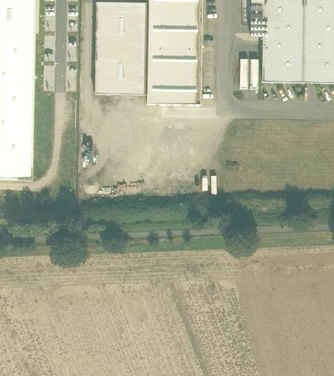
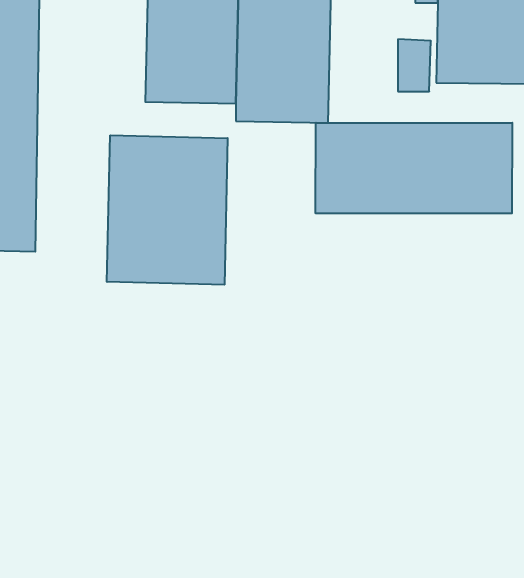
building: none -> [316,123,512,213]
building: none -> [107,135,228,285]

